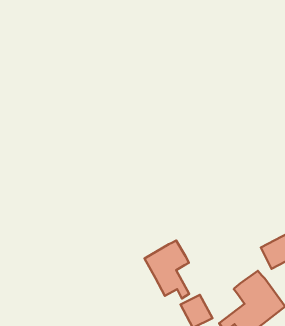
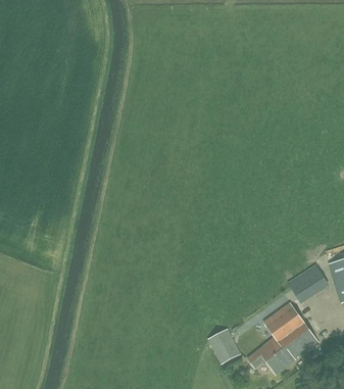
building: [144,241,189,298] -> none

